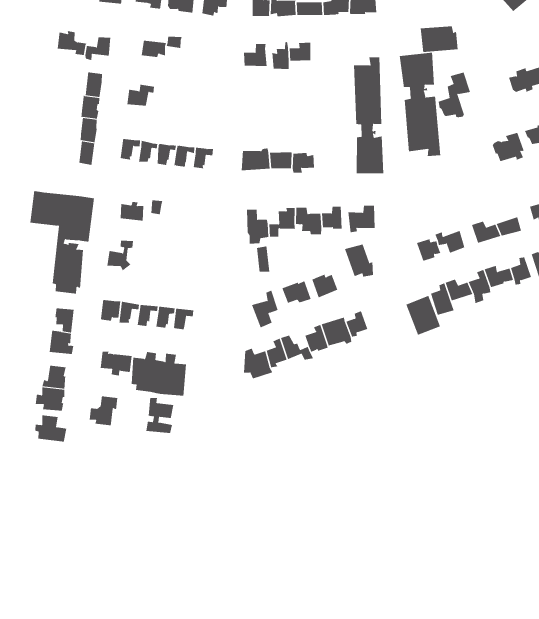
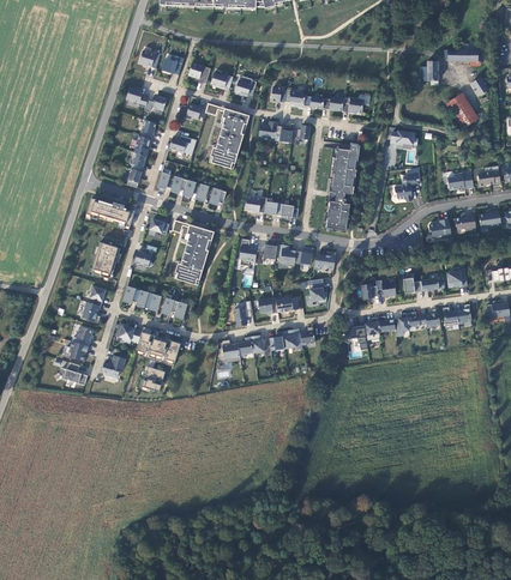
building: none -> [208,108,248,168]
building: [399,52,441,157] -> none
building: none -> [173,224,214,284]

